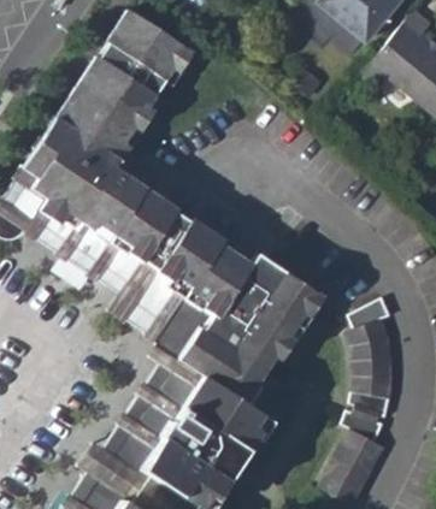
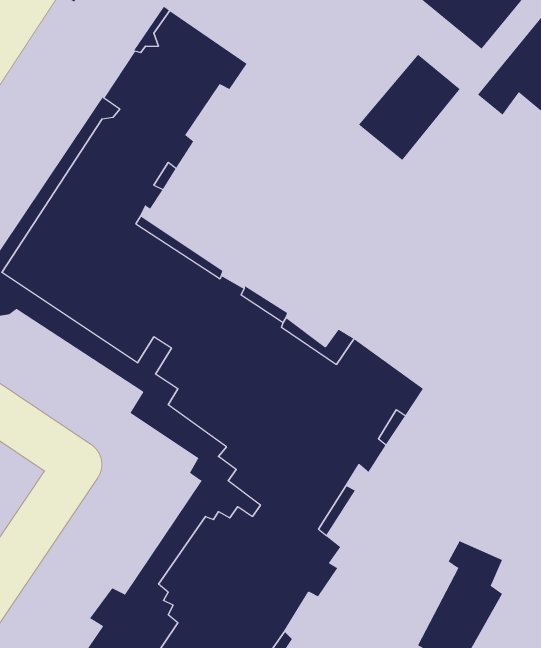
building: none -> [358,54,461,161]
building: [350,296,396,414] -> none

